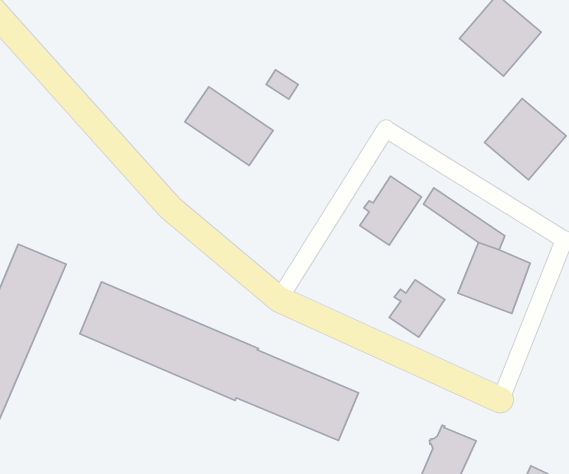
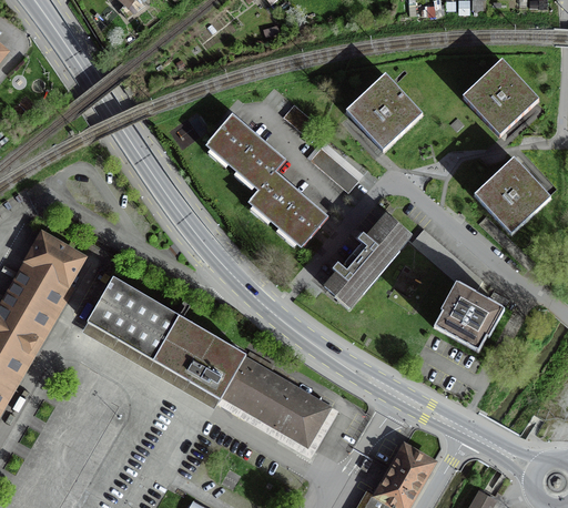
building: none -> [346,75,422,151]
building: none -> [311,149,358,193]
building: none -> [250,171,328,246]
building: [389,280,445,337] -> [325,255,377,307]

